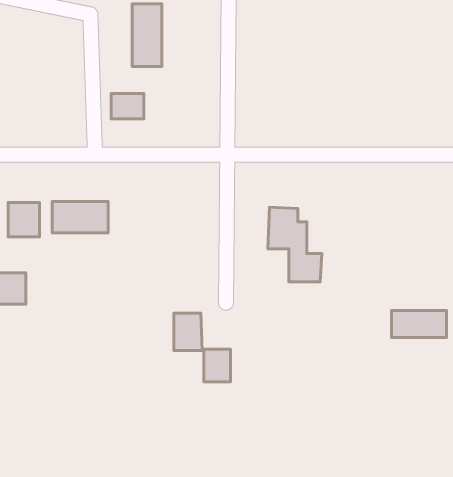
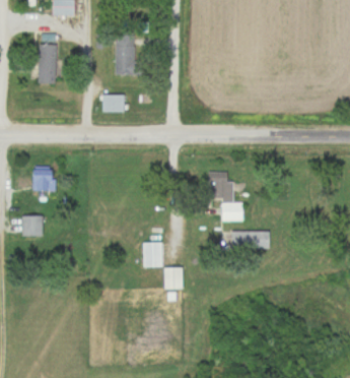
building: none -> [37,43,56,84]
building: [52,201,108,233] -> none
building: [391,311,447,337] -> [231,232,269,250]

